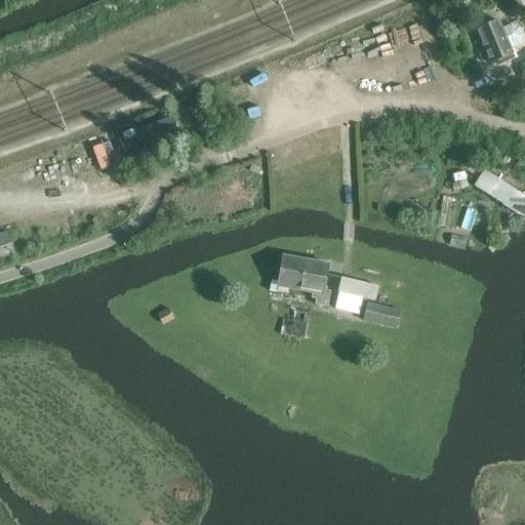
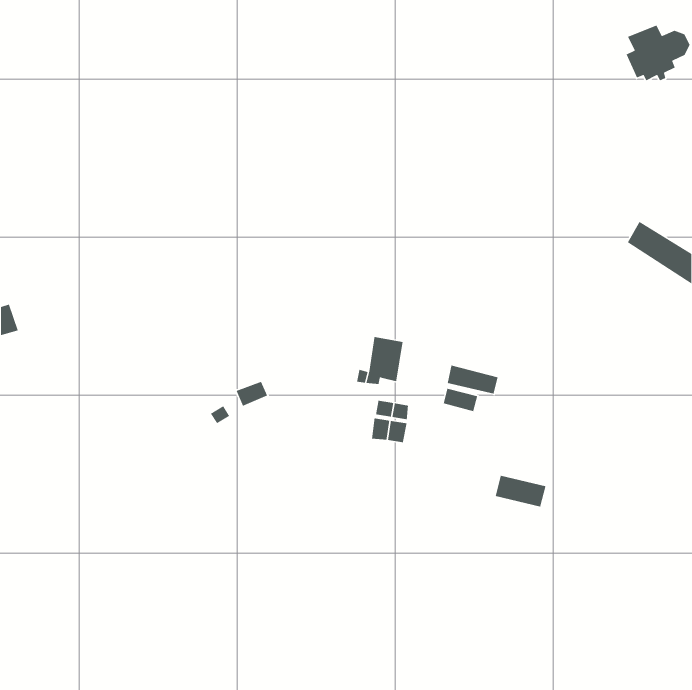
building: [300,258,330,305] -> none
building: [363,300,402,325] -> [495,475,546,507]

